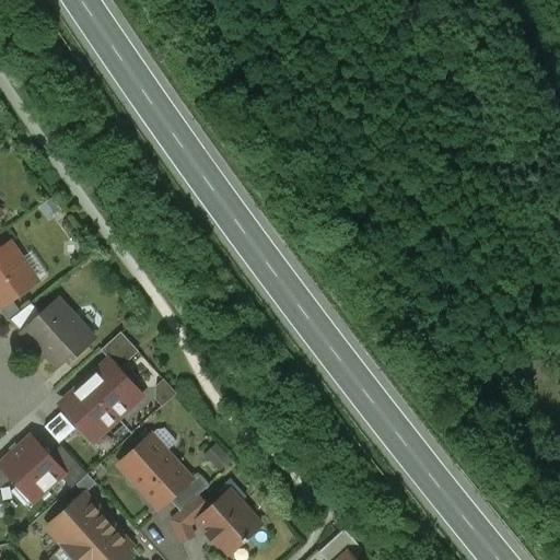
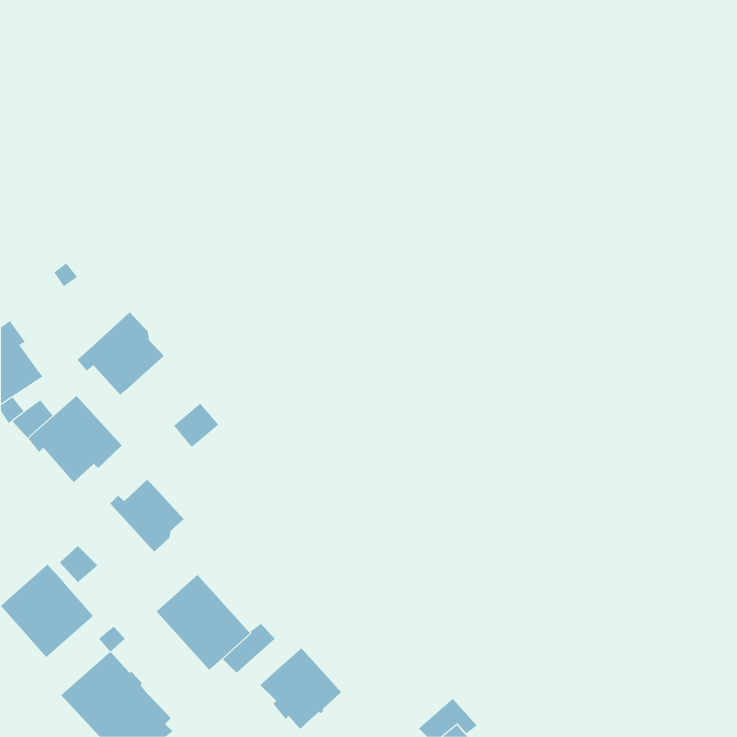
building: none -> [77,311,164,396]
building: [101,332,136,366] -> [173,403,219,448]
building: [61,382,117,439] -> none
building: [172,499,209,545] -> none

